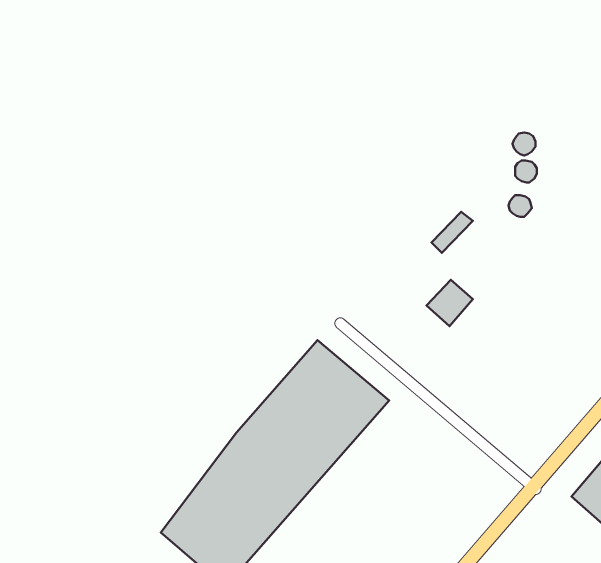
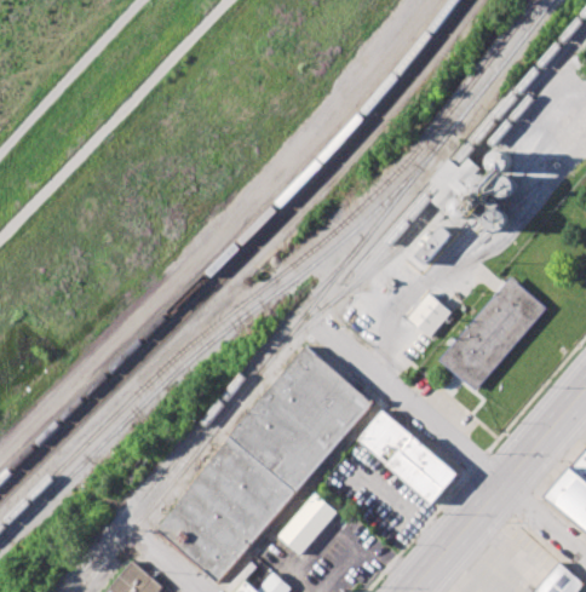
building: none -> [440,278,547,391]
building: none -> [357,410,459,506]
building: none -> [280,492,339,552]

